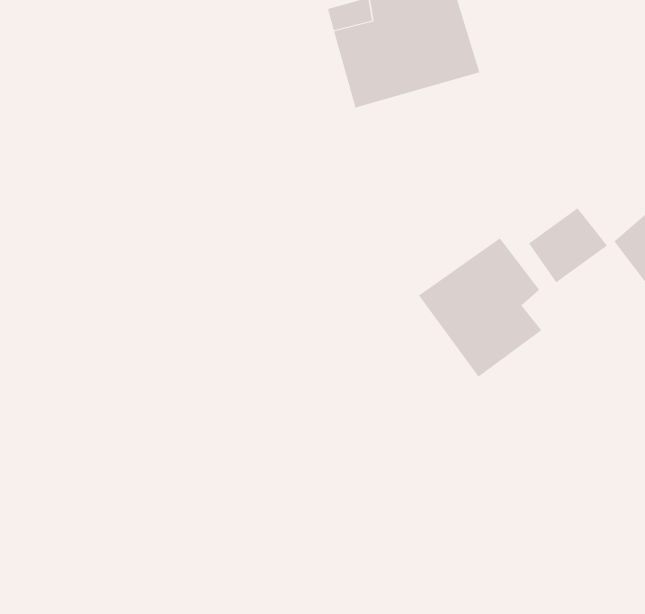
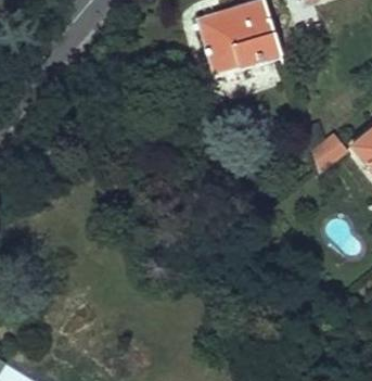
building: [418,238,542,377] -> none

